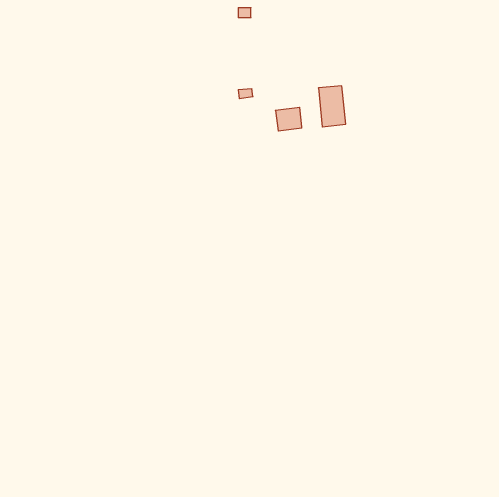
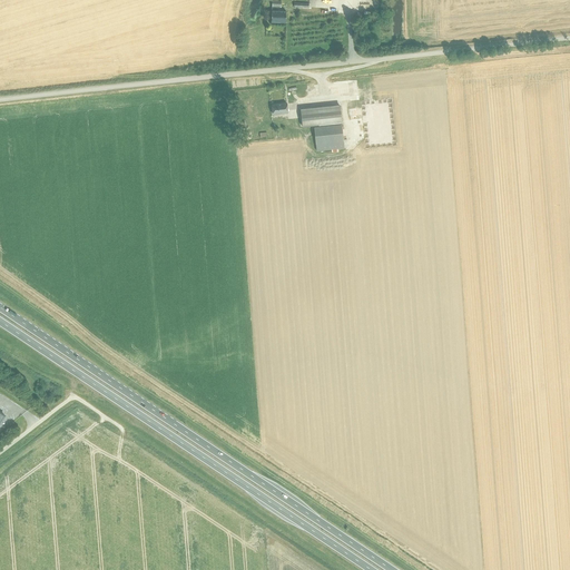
building: none -> [299,102,342,125]

